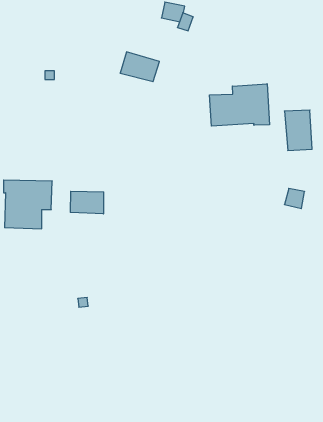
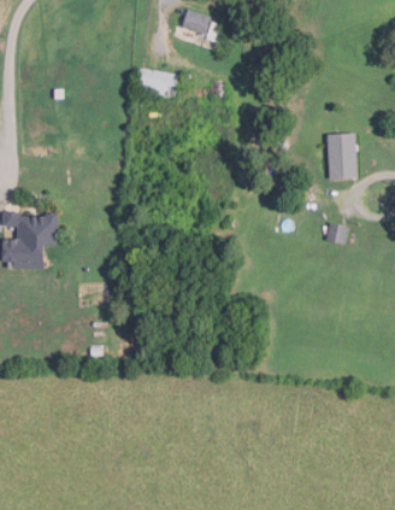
building: [210,84,269,126] -> none
building: [70,191,104,214] -> none

